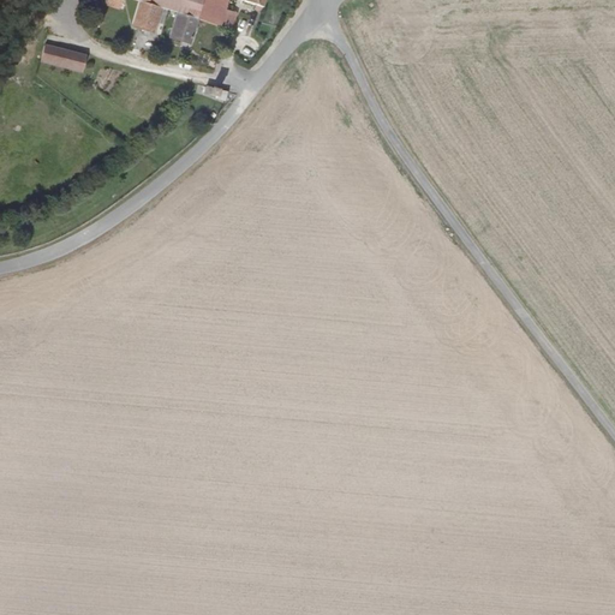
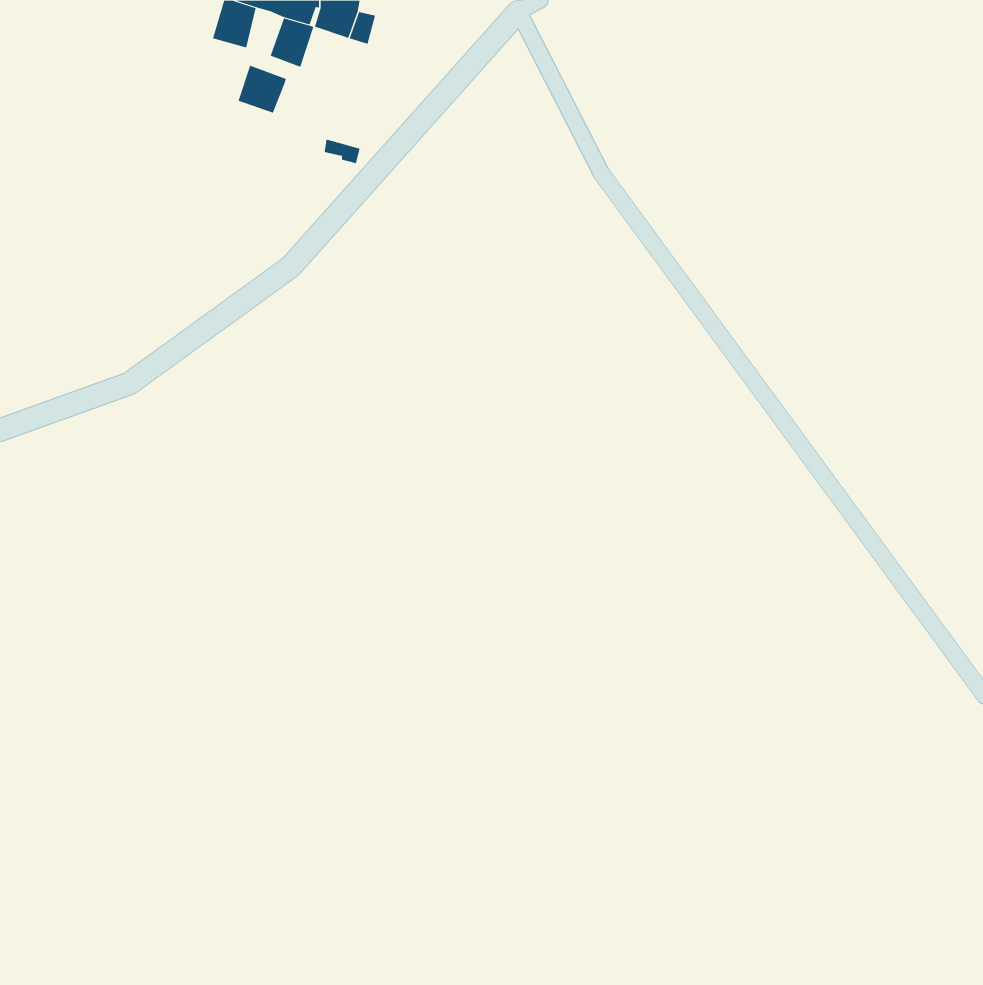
building: none -> [238,65,286,114]
building: [43,43,89,71] -> none

